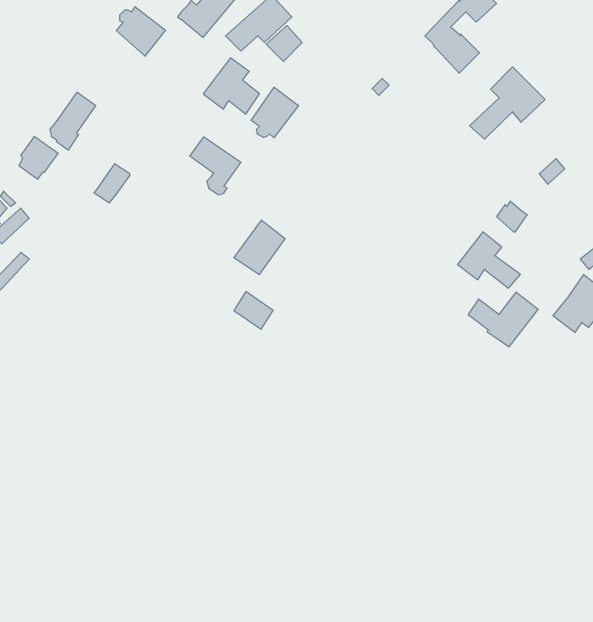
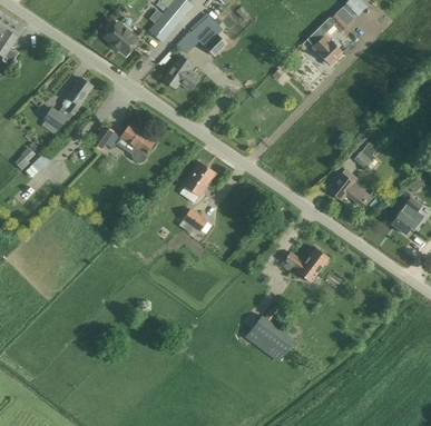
building: [470,67,545,139] -> none
building: [251,87,299,138] -> none
building: [190,137,241,195] -> [120,123,154,161]
building: [468,292,538,347] -> [283,246,329,281]
building: none -> [246,315,294,360]

